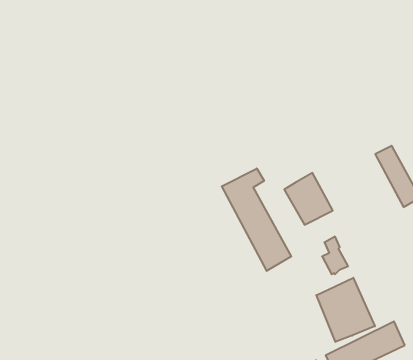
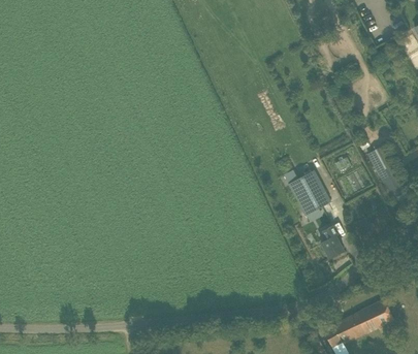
building: [222,168,291,271] -> none
building: [316,278,375,342] -> none

